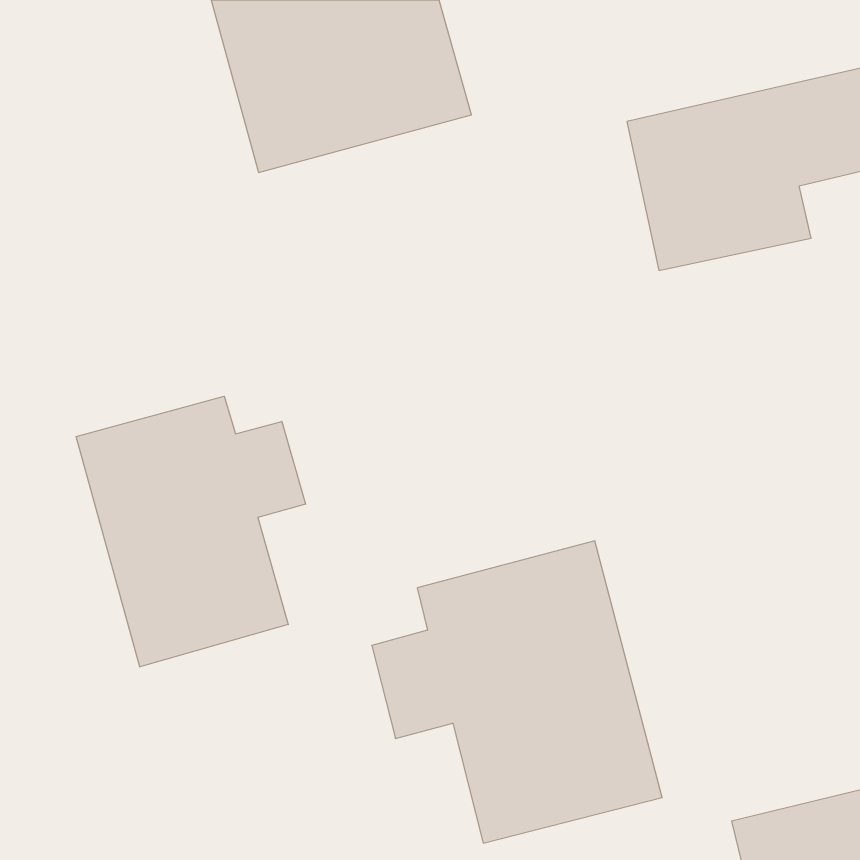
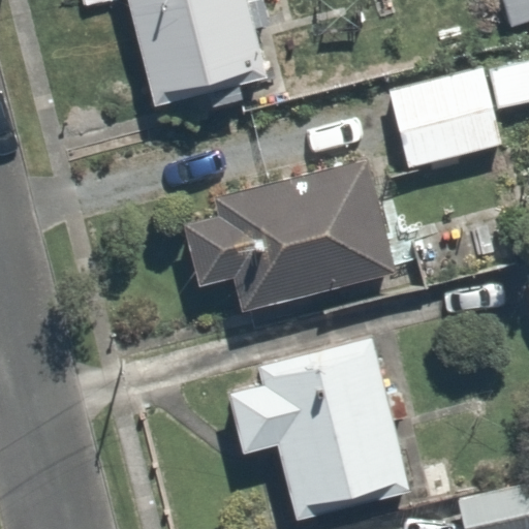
building: none -> [173,161,401,312]
building: [76,396,306,667] -> none

